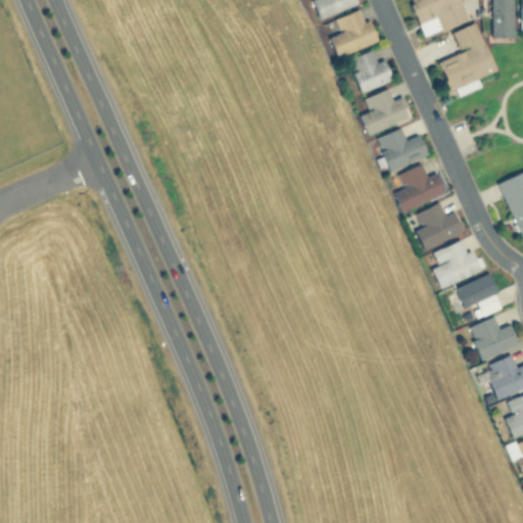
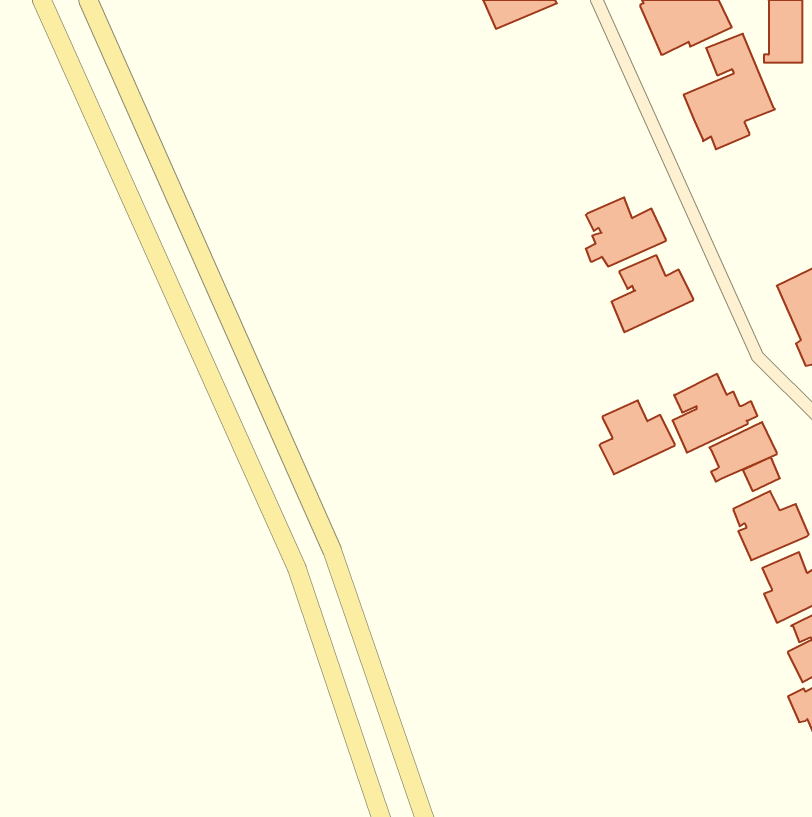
building: [330,9,380,58] -> none
building: [348,50,394,94] -> none
building: [361,89,414,136] -> none
building: [416,203,464,250] -> [599,400,675,474]

